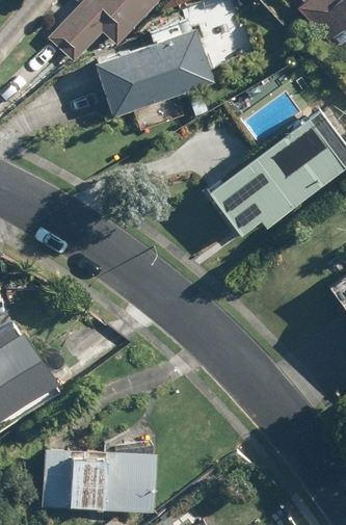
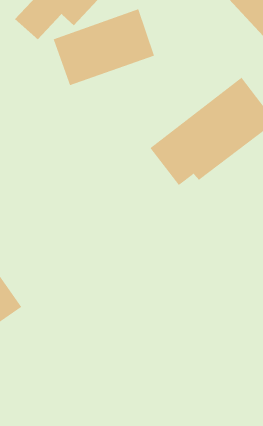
building: [39,446,156,511] -> none

